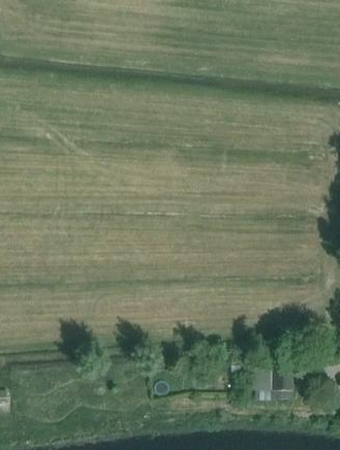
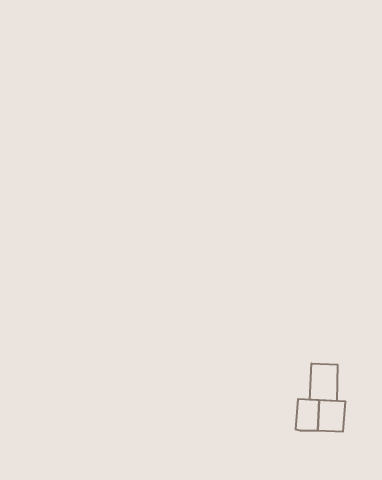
building: none -> [310,363,338,401]

